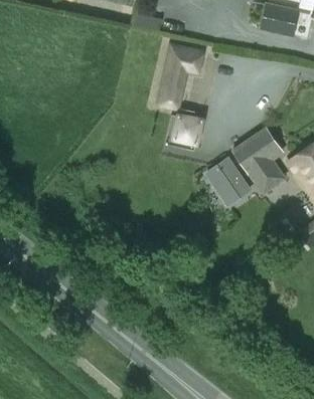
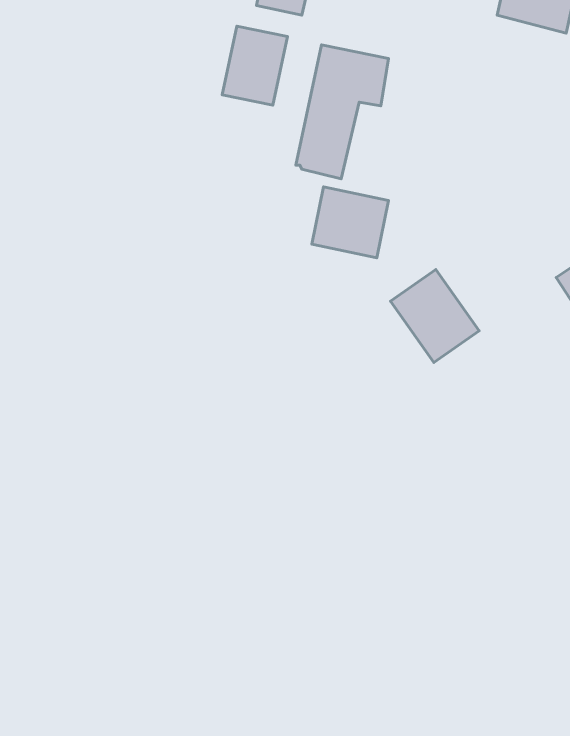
building: none -> [222,26,288,105]
building: [231,125,285,193] -> none

